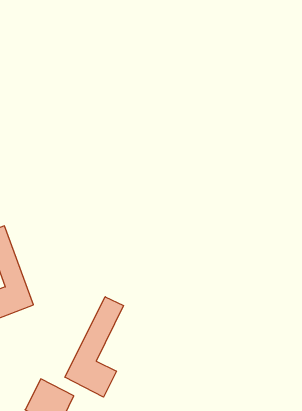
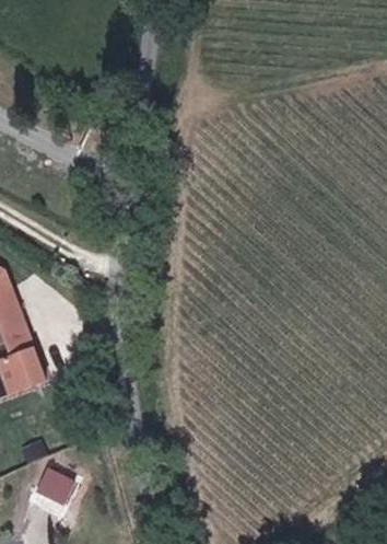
building: [65,297,124,397] -> none

